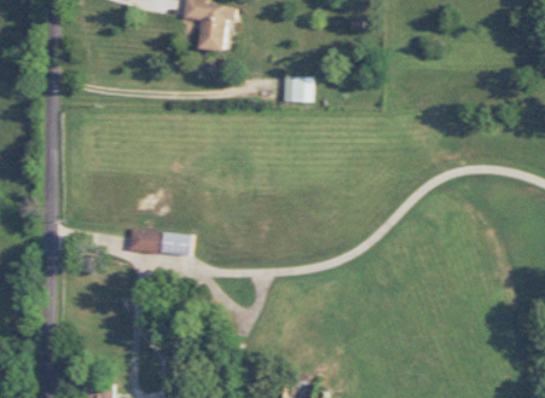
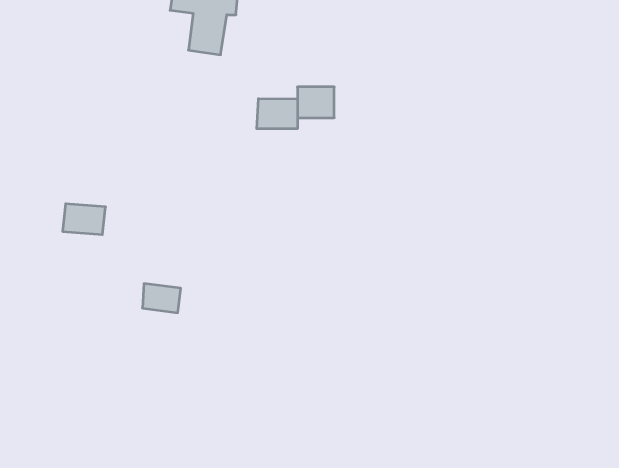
building: none -> [257,98,297,129]
building: [127,229,161,253] -> [63,204,106,235]

